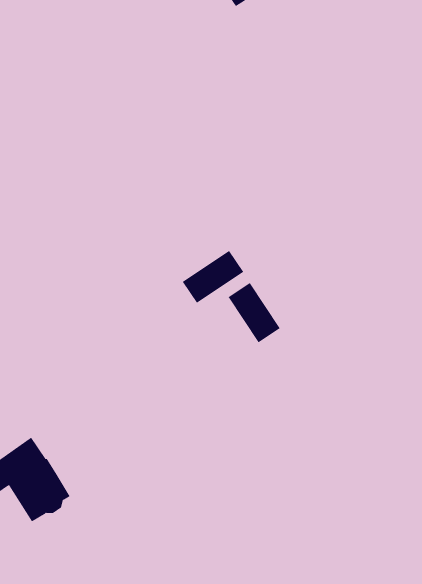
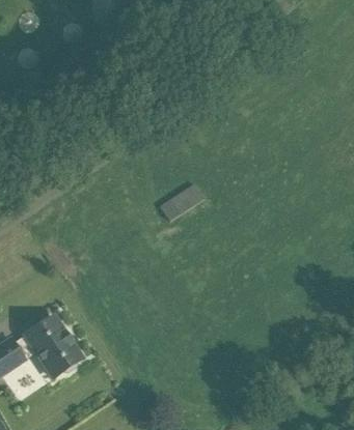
building: [228,282,280,343] -> none

